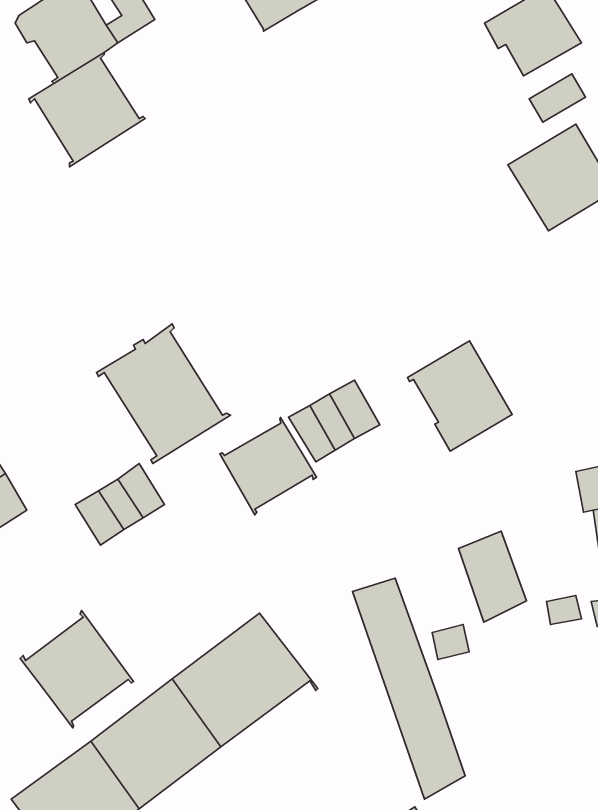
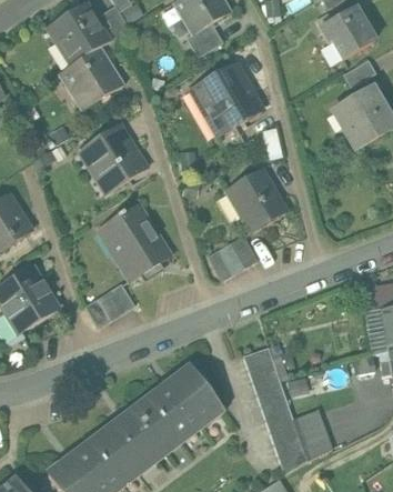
building: none -> [187,22,223,56]
building: none -> [192,62,262,134]
building: none -> [78,122,149,193]
building: [408,341,512,451] -> [226,168,286,231]
building: [220,417,317,515] -> none
building: [459,531,527,622] -> [293,408,332,460]
building: [20,611,134,728] -> none

